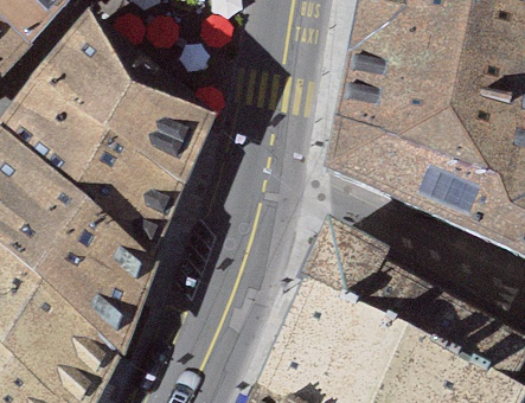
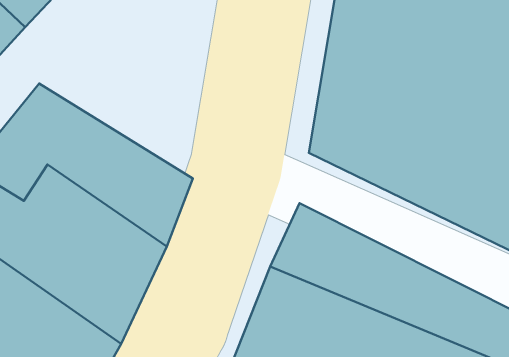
building: [44,30,229,193] -> none

